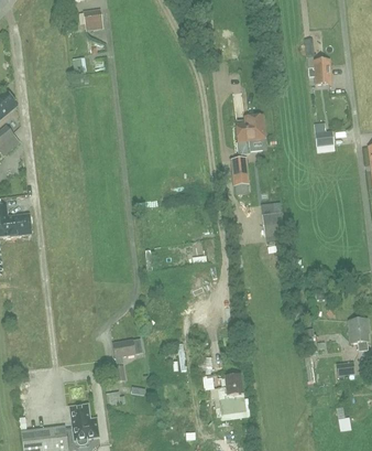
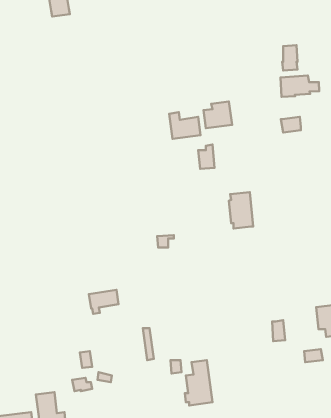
building: none -> [281,76,319,97]
building: none -> [169,112,201,139]
building: [112,339,142,363] -> [89,290,119,314]

